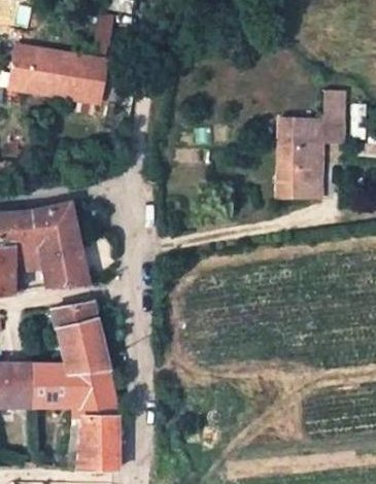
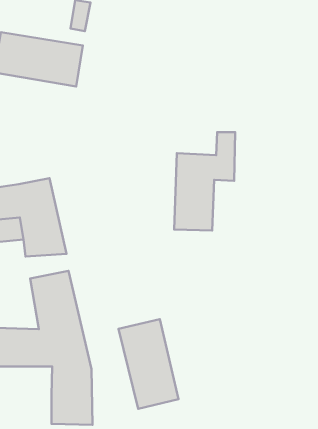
building: [280,92,346,198] -> [174,132,235,231]
building: none -> [118,319,179,409]

